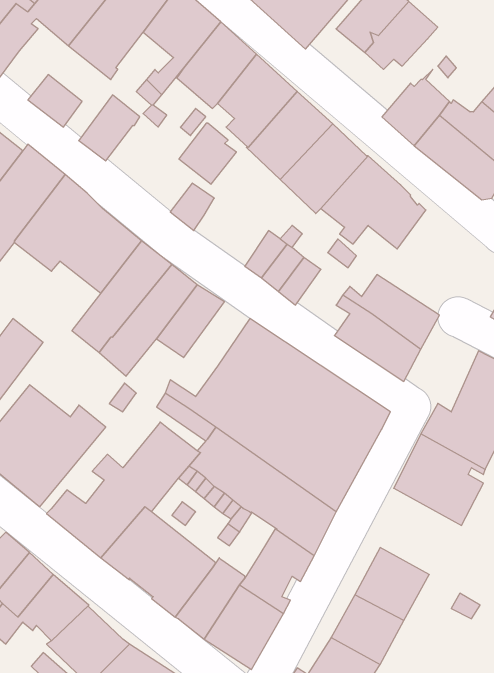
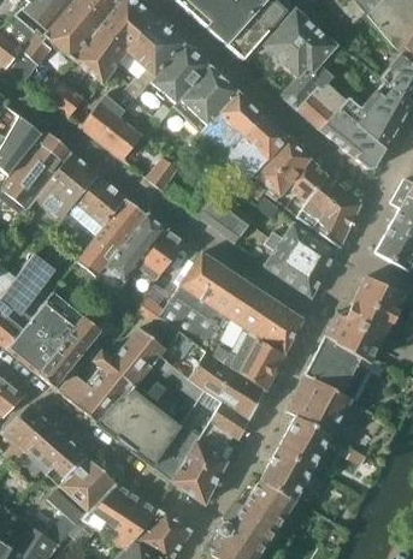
building: none -> [282,54,334,109]
building: [179,123,236,184] -> [101,115,142,159]
building: none -> [299,176,361,245]
building: none -> [287,373,364,434]

